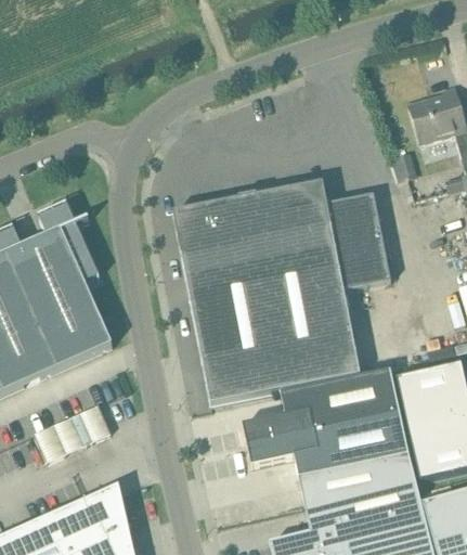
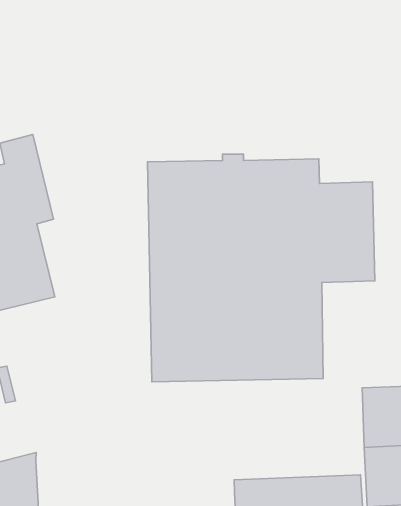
building: [242,370,408,478] -> none

